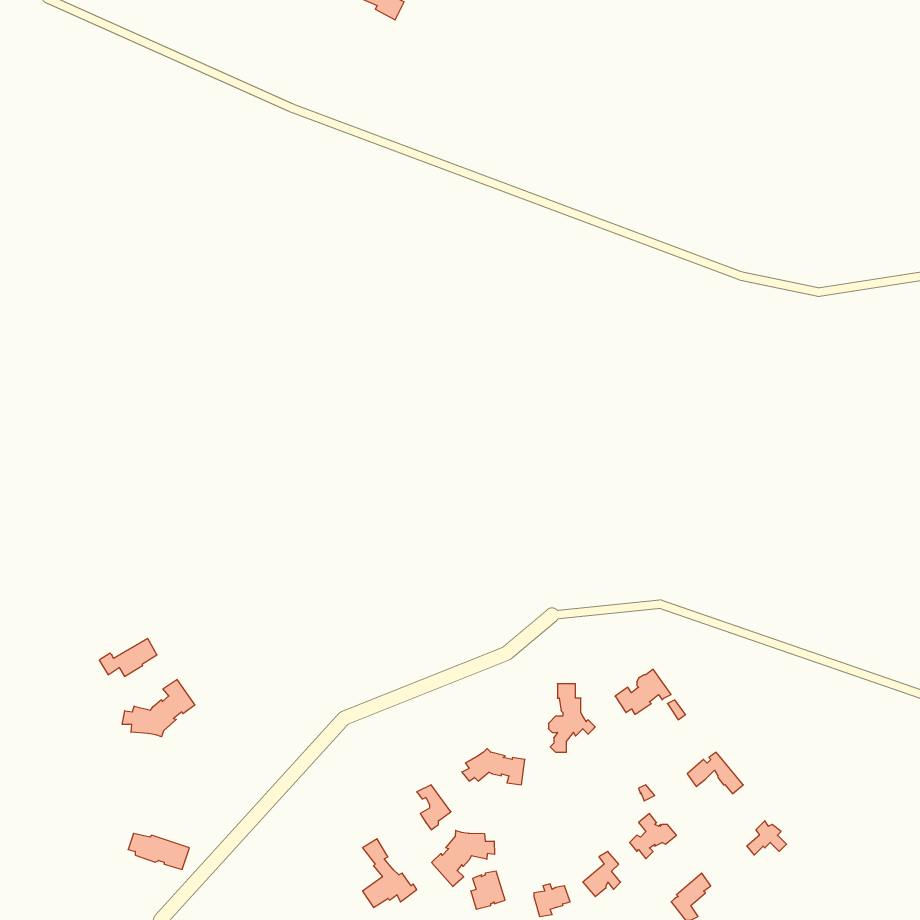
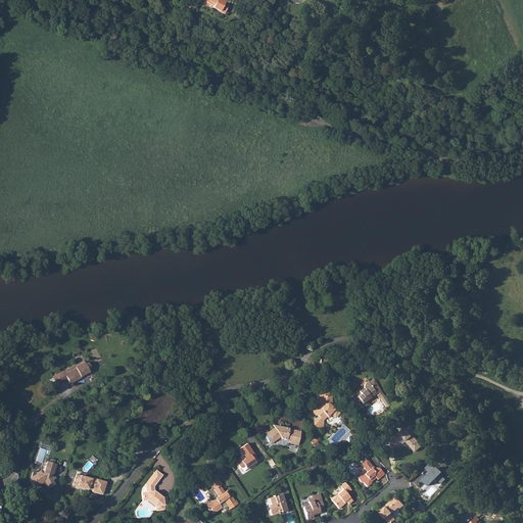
building: [122,679,195,737] -> none
building: none -> [30,458,56,486]
building: none -> [141,470,163,510]
building: [432,830,494,887] -> none

